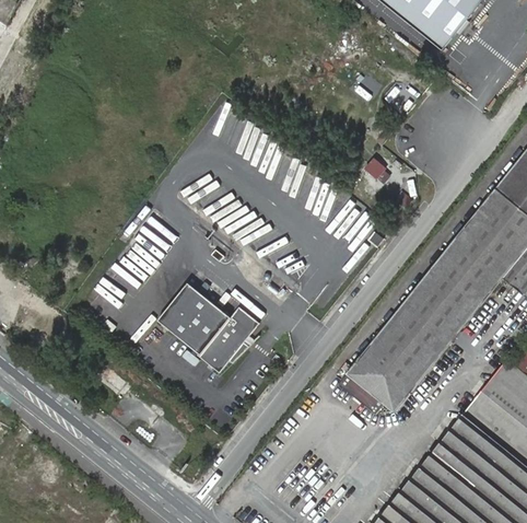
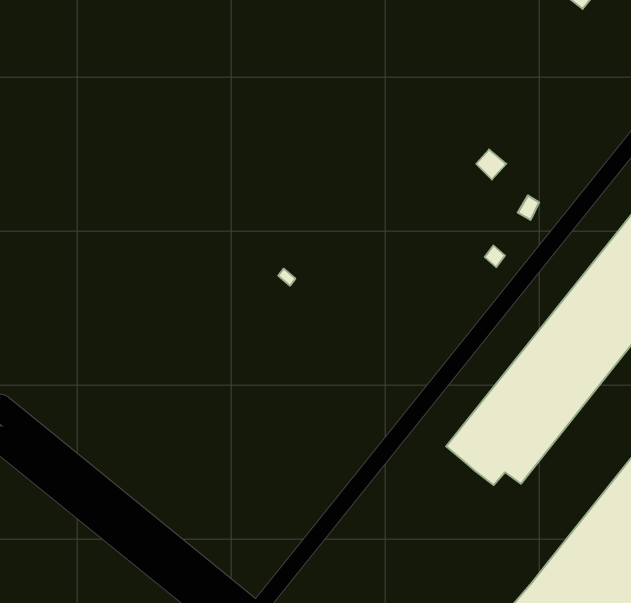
building: [160,281,261,372] -> none

